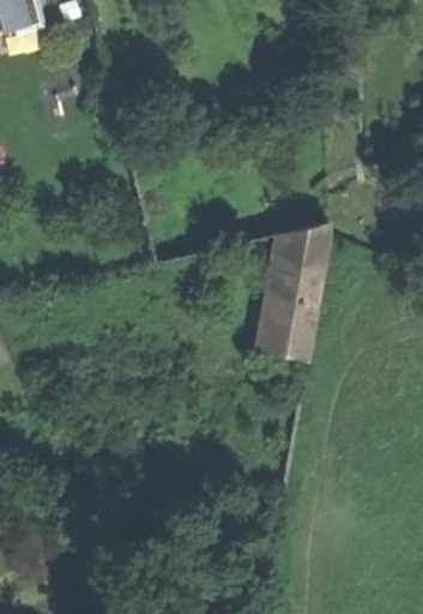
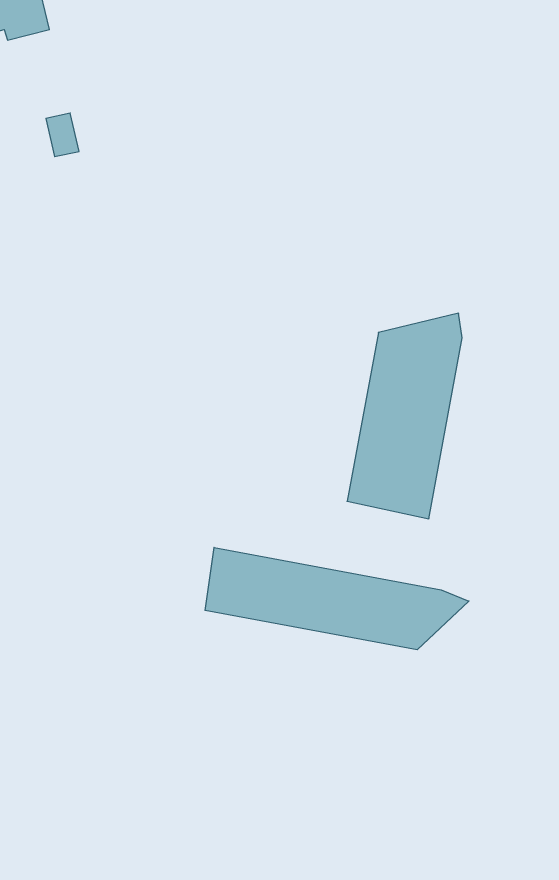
building: none -> [205,547,469,650]

